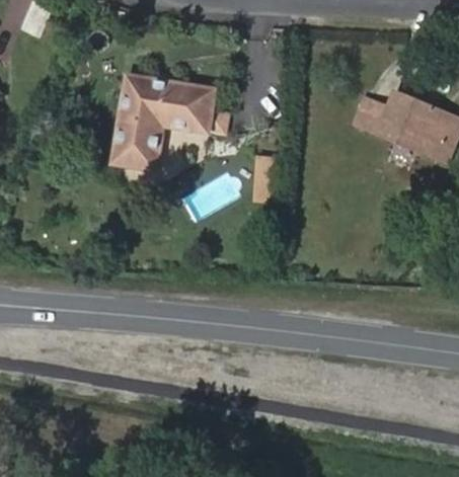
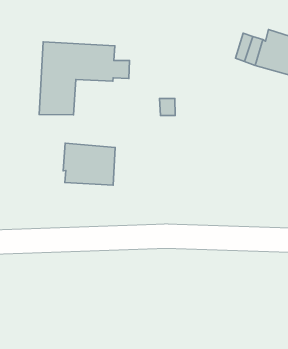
building: none -> [63,143,115,185]

